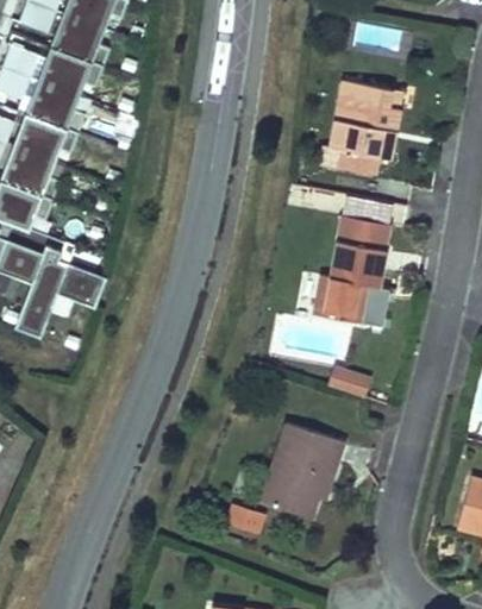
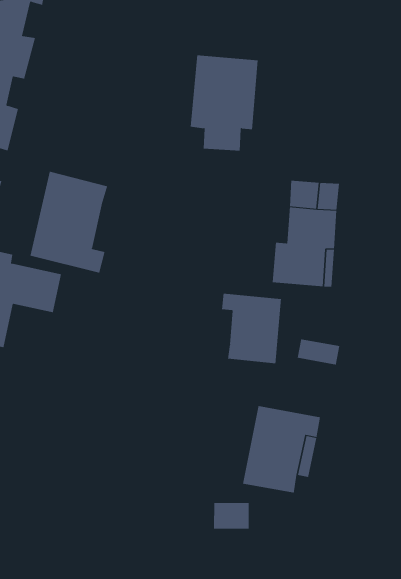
building: [328,80,402,177] -> [190,55,259,151]
building: none -> [30,171,108,273]
building: none -> [221,293,281,364]

